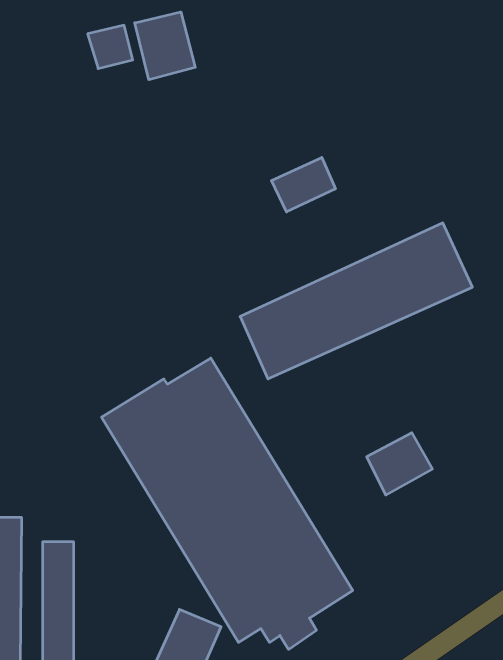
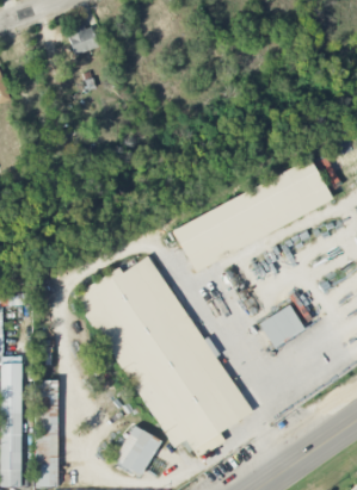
building: [135,12,195,80] -> none
building: [271,157,335,212] -> none

